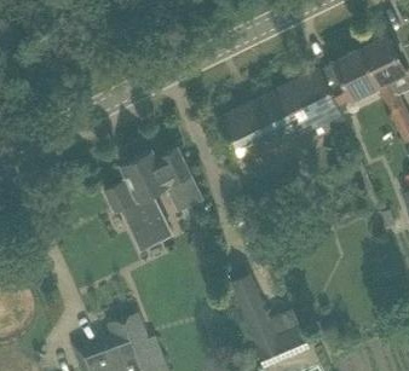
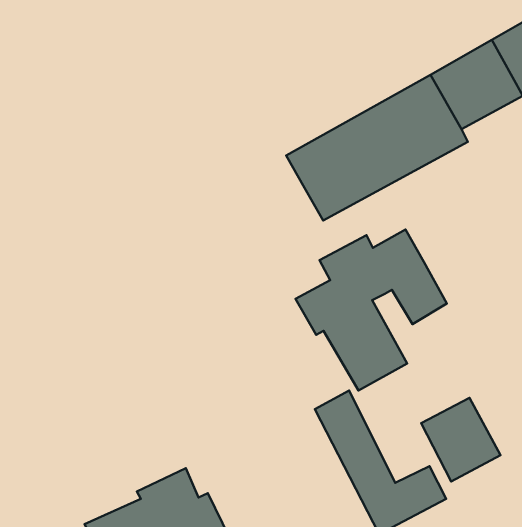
building: [104,146,202,249] -> [296,229,447,390]
building: none -> [421,398,501,481]

